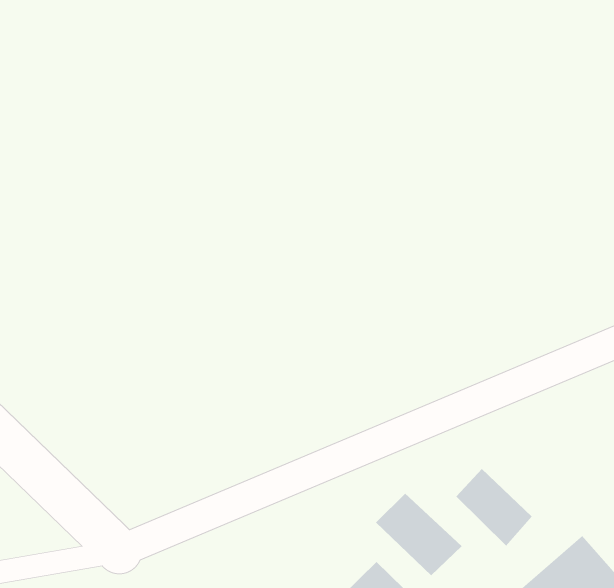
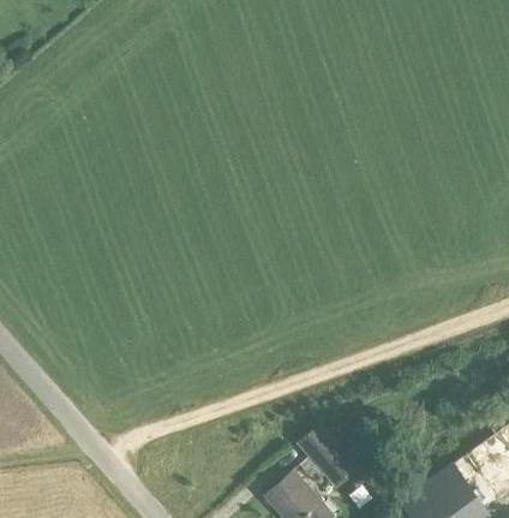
building: [456,468,532,547] -> none

